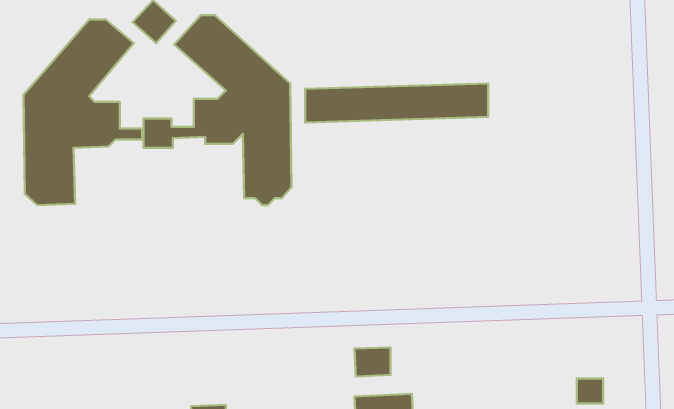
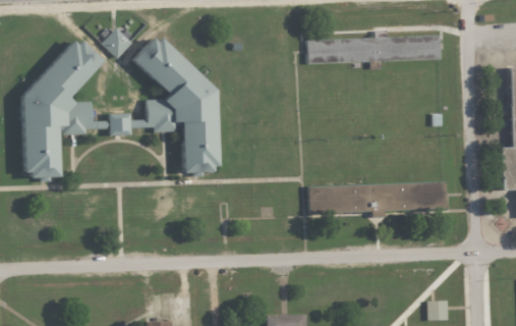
building: [305,83,488,123] -> [306,36,440,64]
building: none -> [306,181,445,218]
building: [354,347,391,376] -> none

